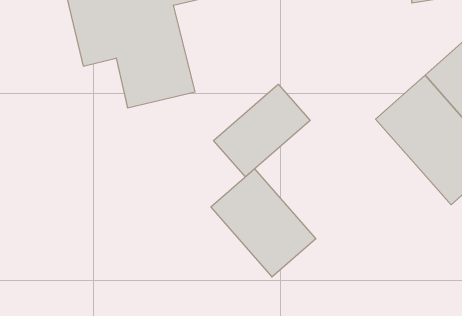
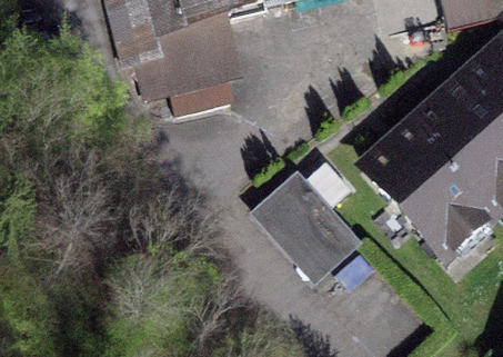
building: [214,84,310,177] -> none
building: none -> [366,126,491,254]

